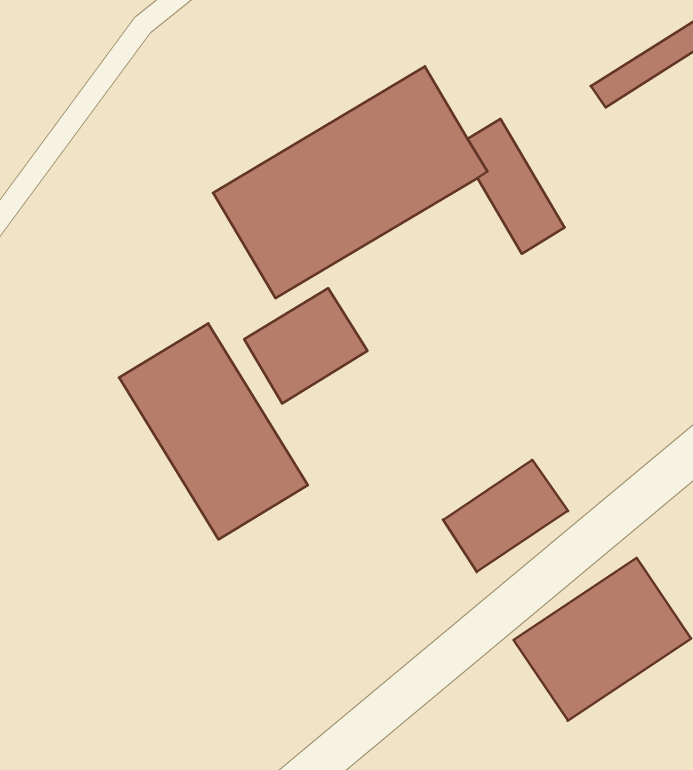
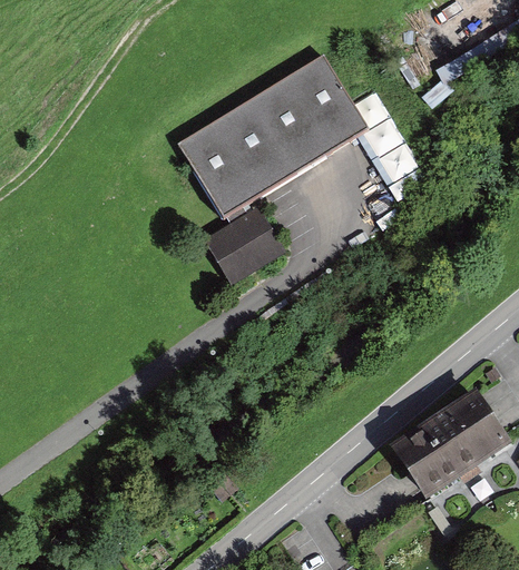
building: [119,323,308,539] -> none
building: [443,460,568,572] -> none

